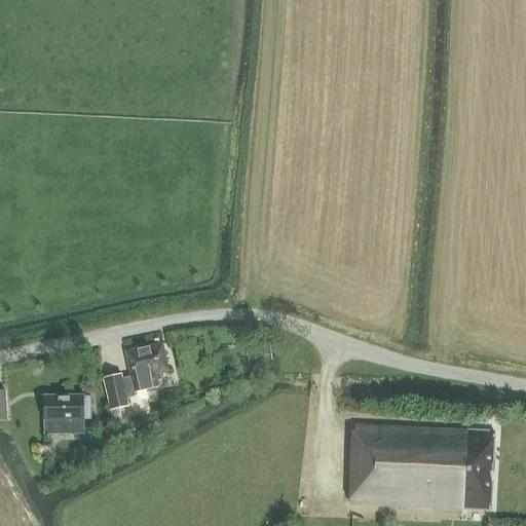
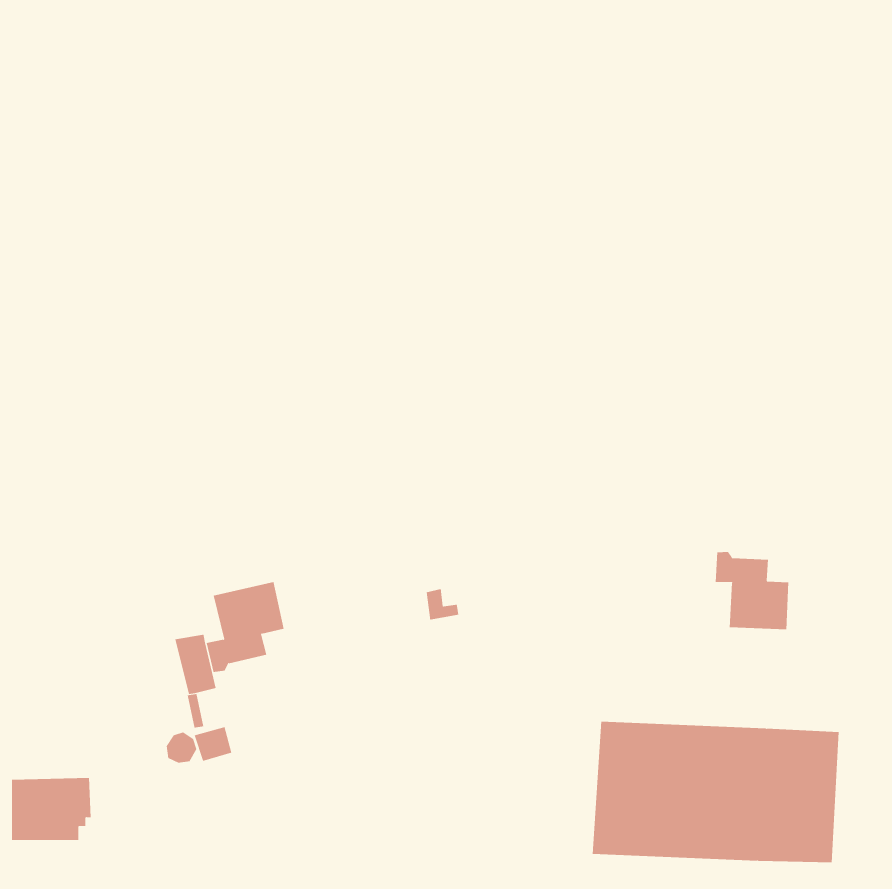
building: none -> [715,551,789,630]
building: [43,394,90,431] -> [11,778,91,841]

